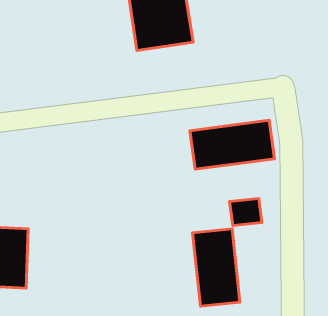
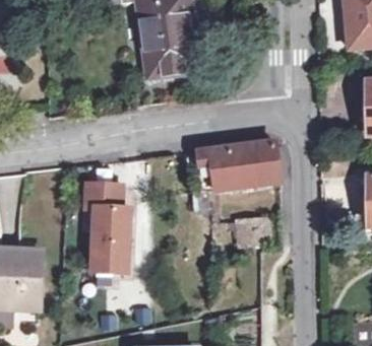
building: none -> [85,184,130,274]
building: [193,229,240,306] -> none

